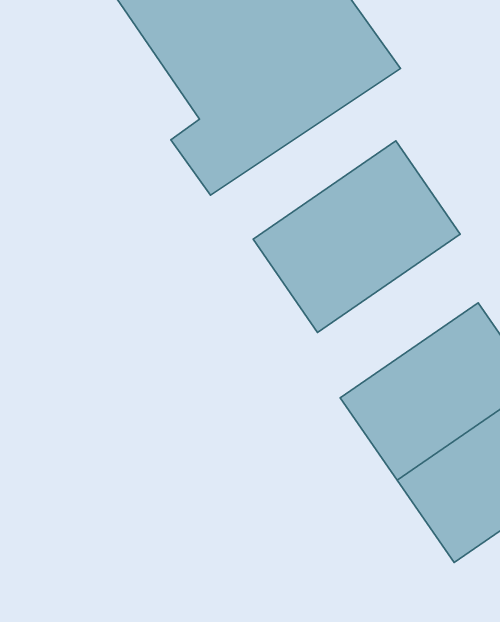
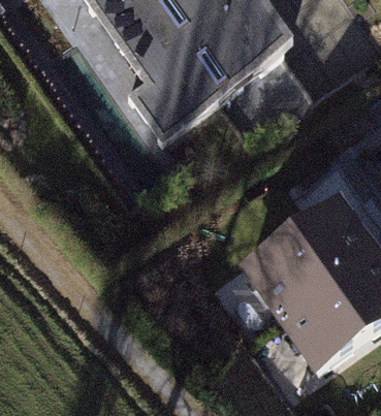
building: [253,141,460,333] -> none

